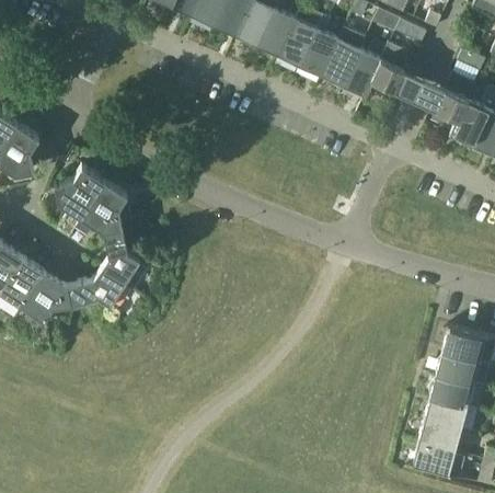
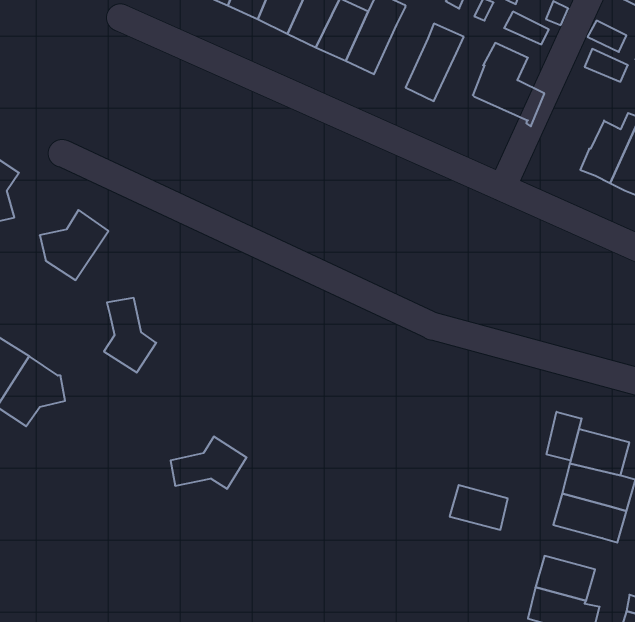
building: [299,16,338,76] -> none
building: [343,50,380,96] -> none
building: [414,73,476,121] -> none
building: [80,181,127,233] -> none
building: [69,270,125,308] -> [171,437,247,489]
building: none -> [547,412,582,460]
building: [424,397,467,429] -> [450,485,508,530]

